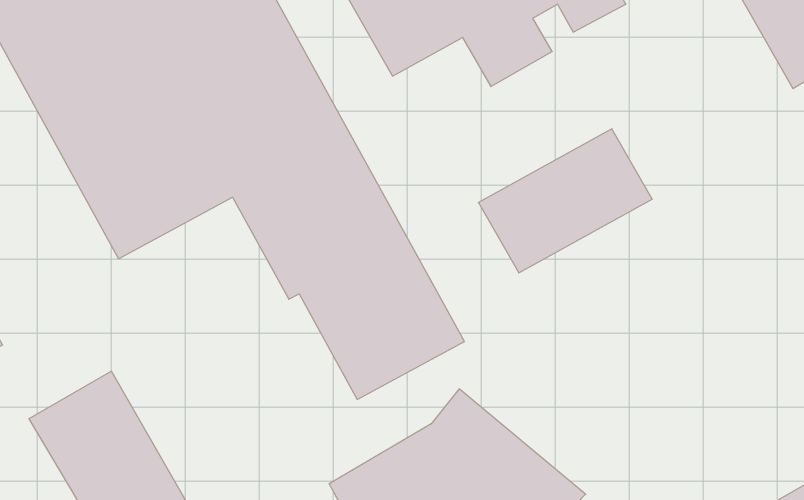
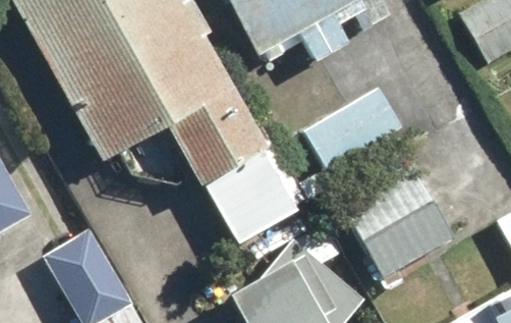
building: none -> [345,162,460,277]

